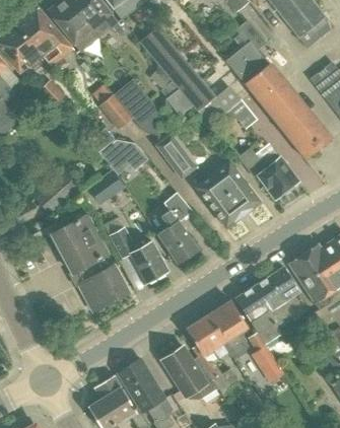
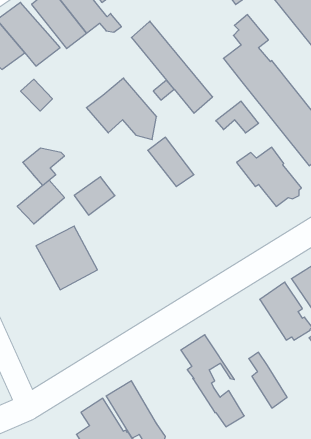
building: [99,140,138,174] -> [23,148,64,185]
building: [197,163,259,226] -> none
building: [157,193,200,265] -> none
building: [107,217,167,285] -> none
building: [74,257,128,311] -> none
building: [234,284,283,345] -> none
building: [208,302,250,358] -> none
building: [162,347,217,399] -> none

